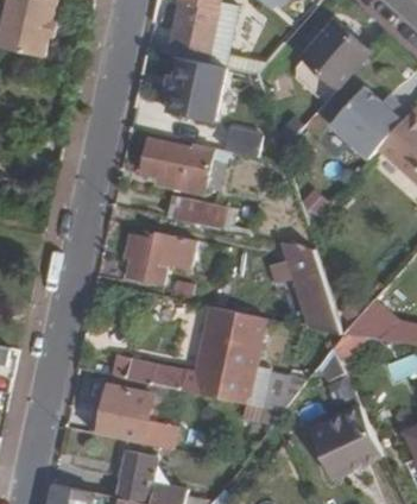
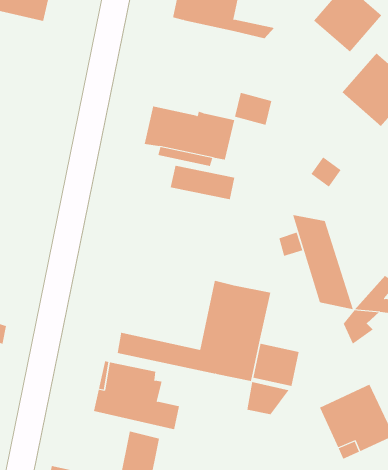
building: [164,56,226,122] -> none
building: [122,231,195,285] -> none

